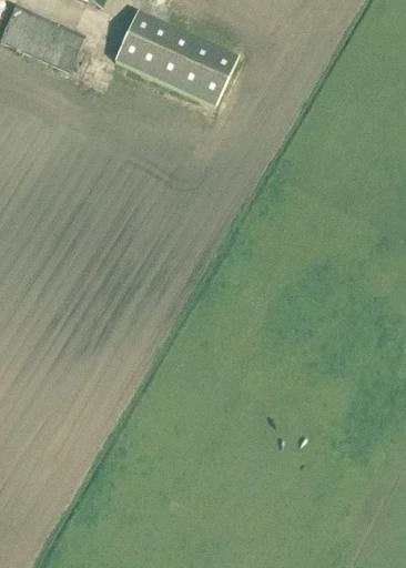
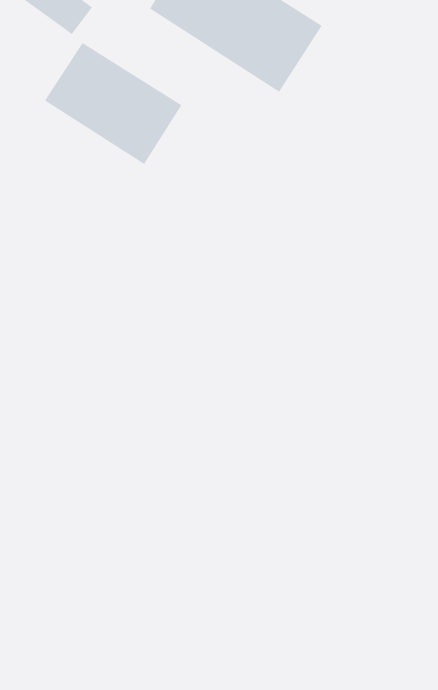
building: none -> [44,42,182,165]

